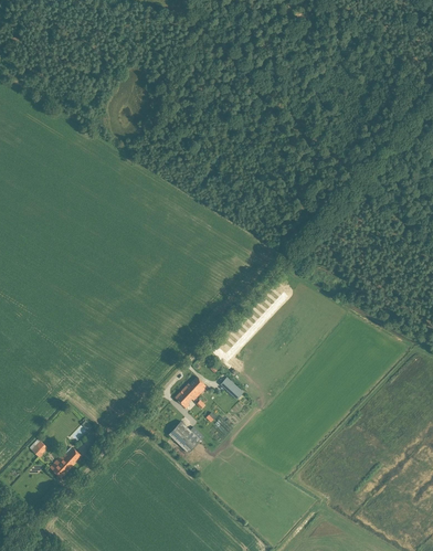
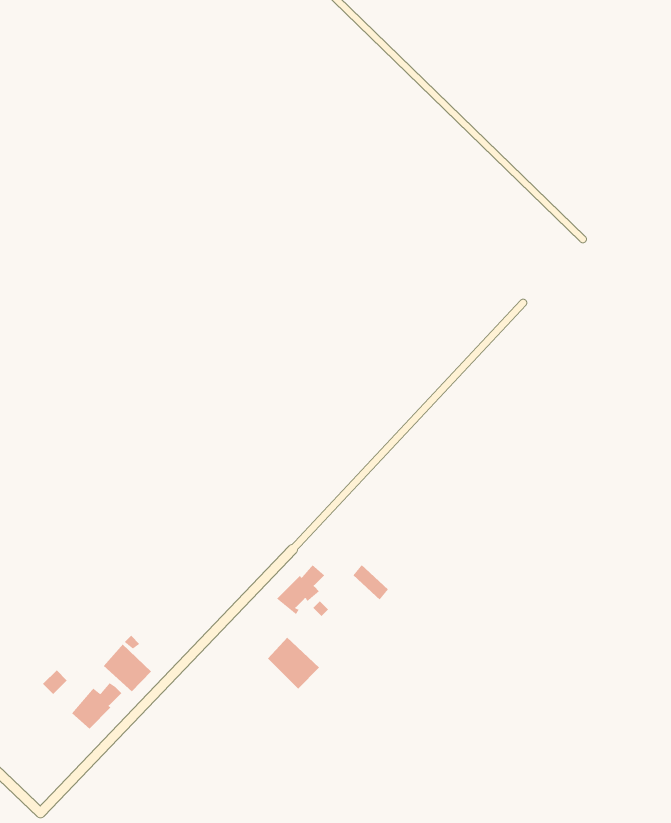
building: none -> [103,644,152,692]

